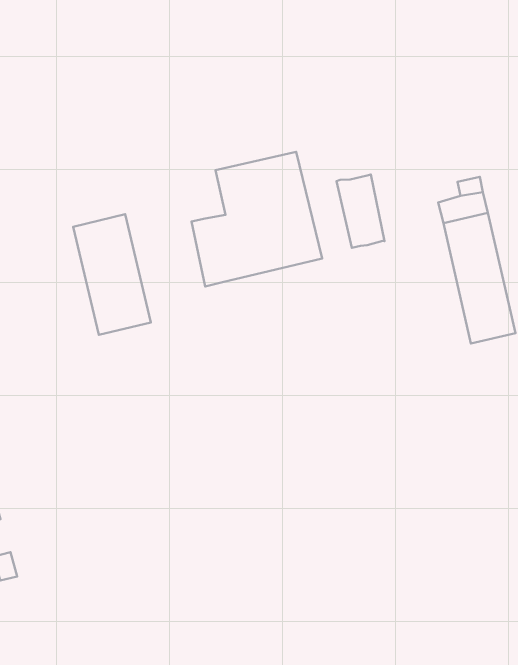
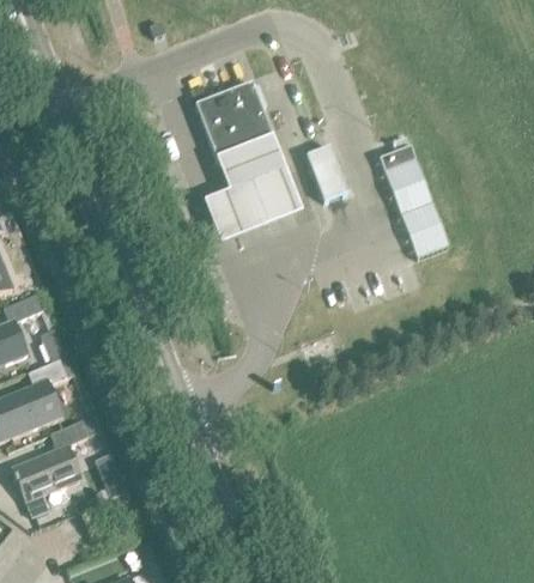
building: none -> [194,81,272,158]
building: [73,214,151,335] -> none

